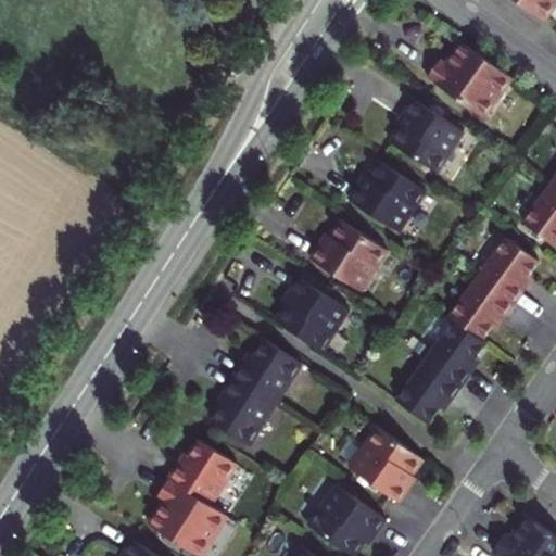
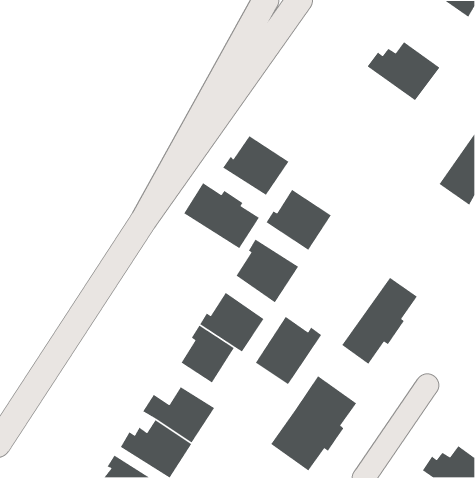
building: [390,99,463,173] -> none
building: [346,161,425,231] -> [222,135,289,196]
building: none -> [183,182,260,249]
building: [448,238,538,341] -> none
building: none -> [255,316,322,385]

